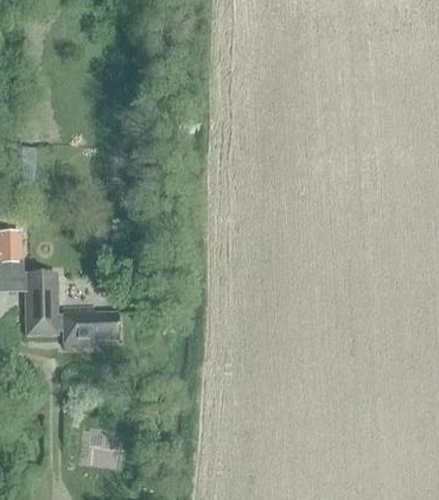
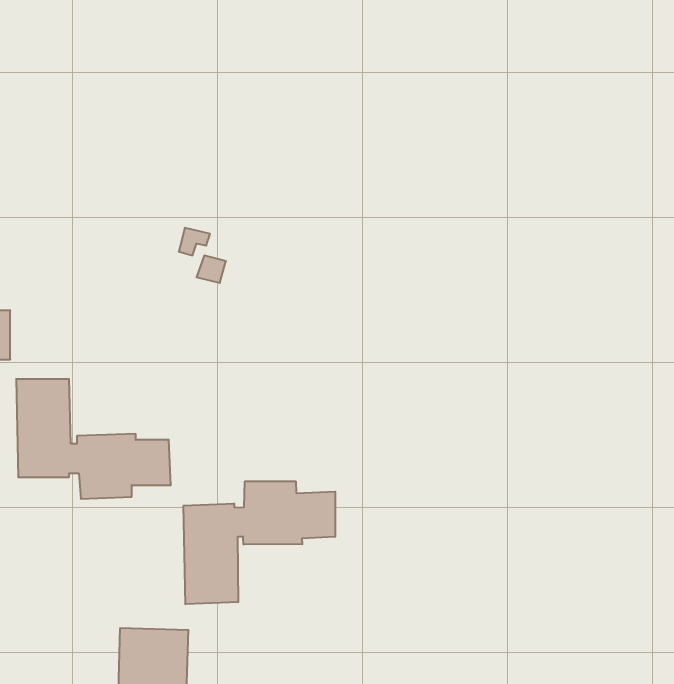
building: none -> [183,481,335,604]

